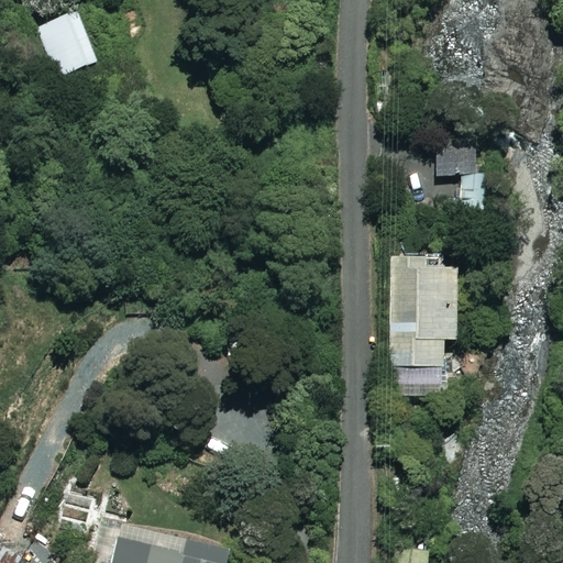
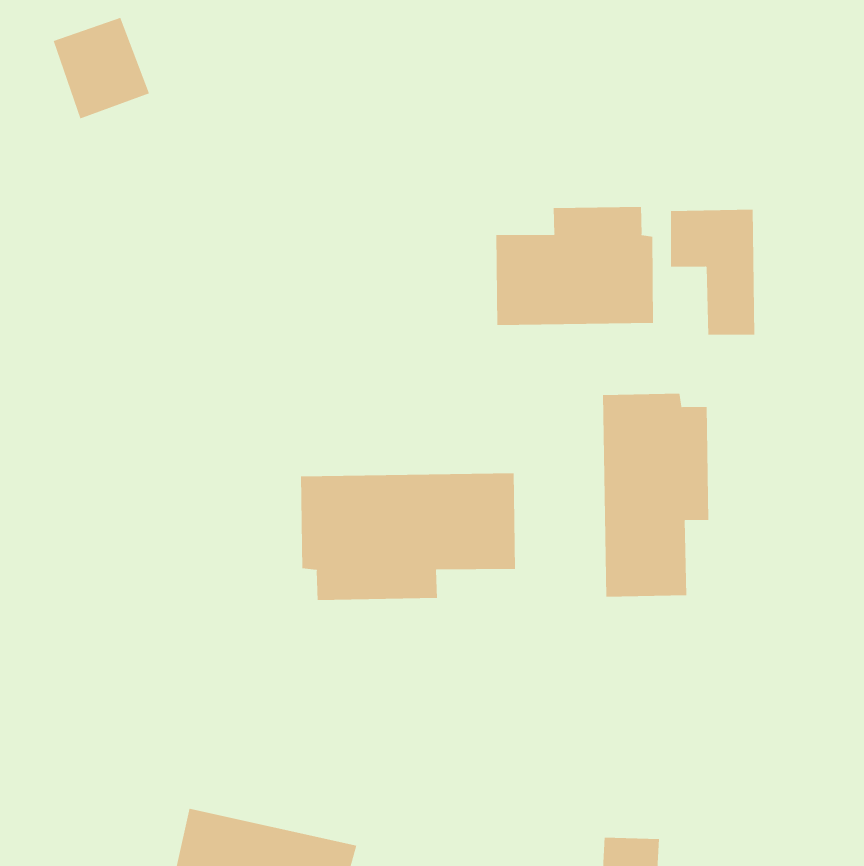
building: none -> [496,206,654,326]
building: none -> [301,472,515,601]

